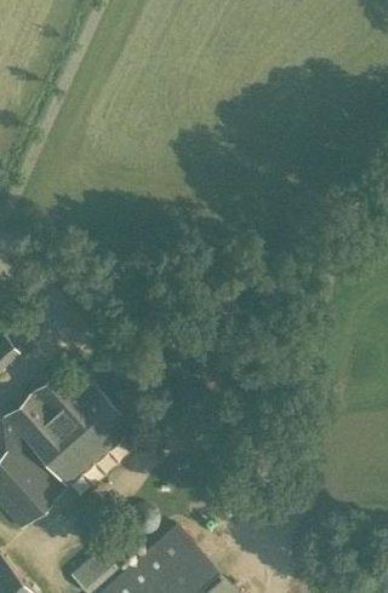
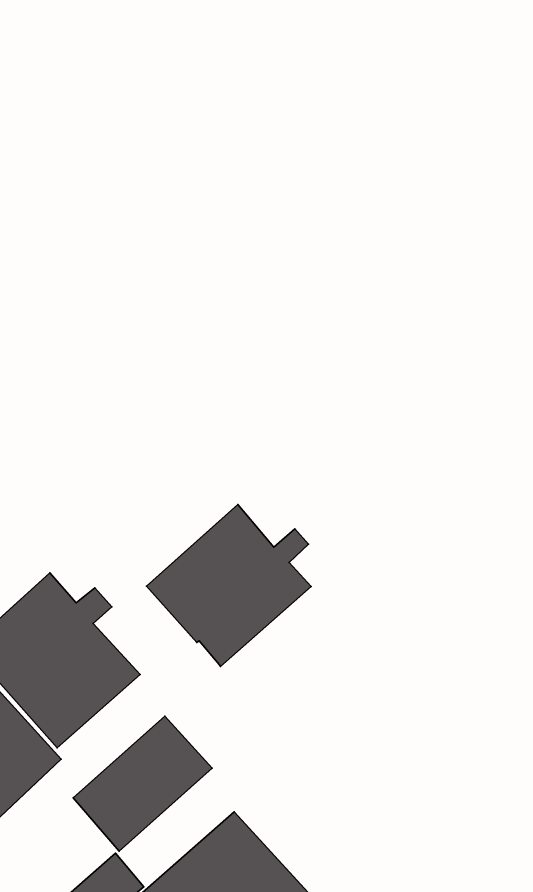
building: none -> [147,505,311,666]
building: none -> [73,716,212,851]

